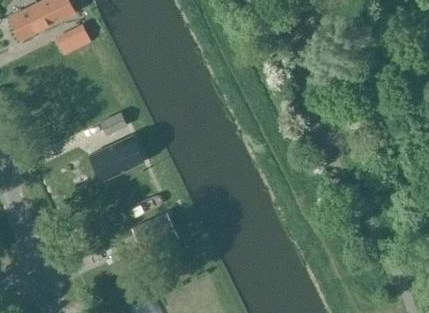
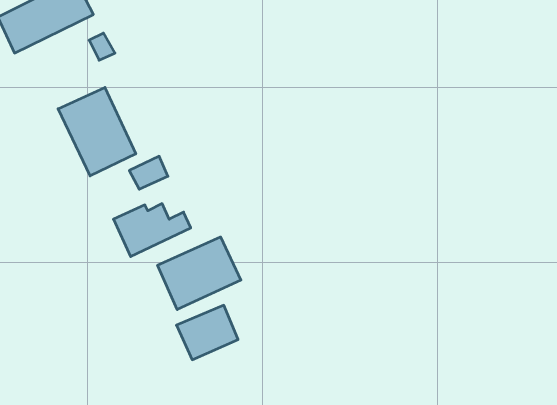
building: none -> [58,87,136,176]
building: none -> [158,237,241,310]

